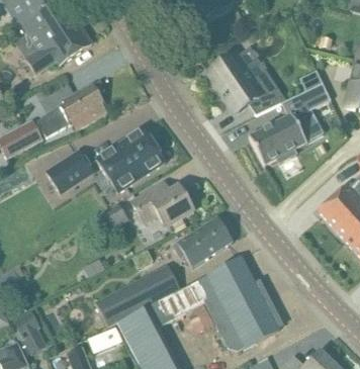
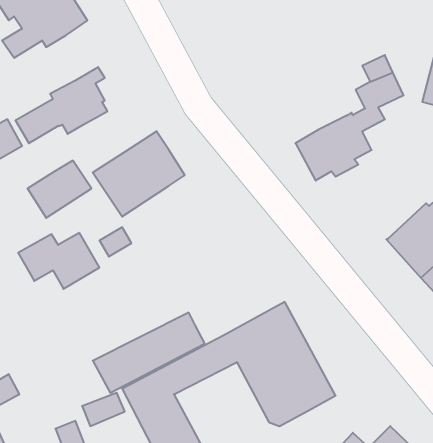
building: [208,53,286,113] -> none
building: [131,184,193,226] -> [18,233,99,289]
building: [173,215,233,266] -> none

